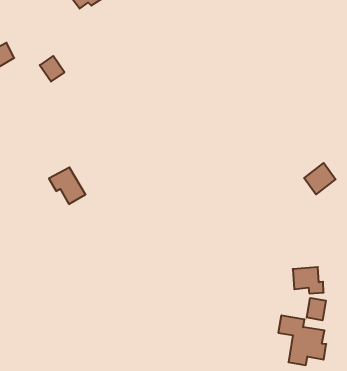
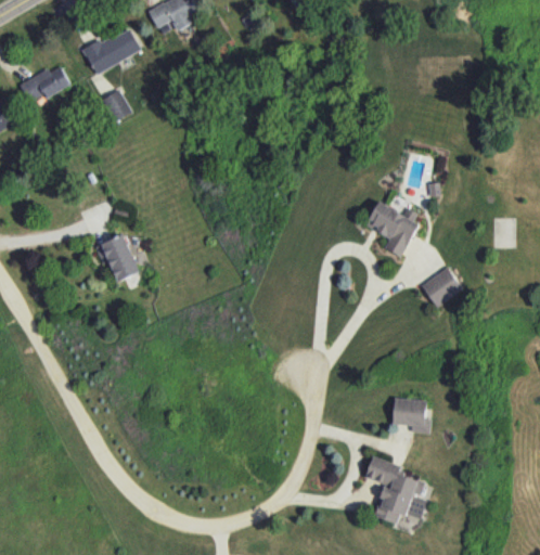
building: none -> [82,27,140,72]
building: none -> [364,201,417,256]
building: [307,298,326,320] -> none

